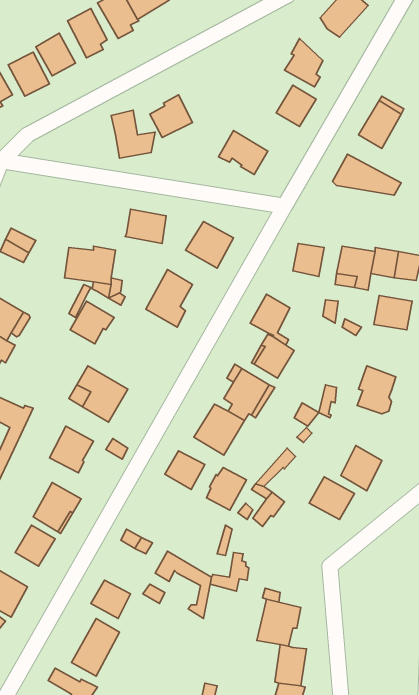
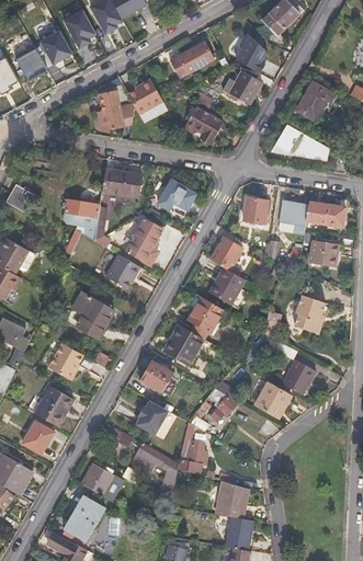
building: none -> [170,41,214,75]
building: [70,301,114,344] -> [105,253,140,287]
building: [207,467,246,510] -> [137,399,169,433]

